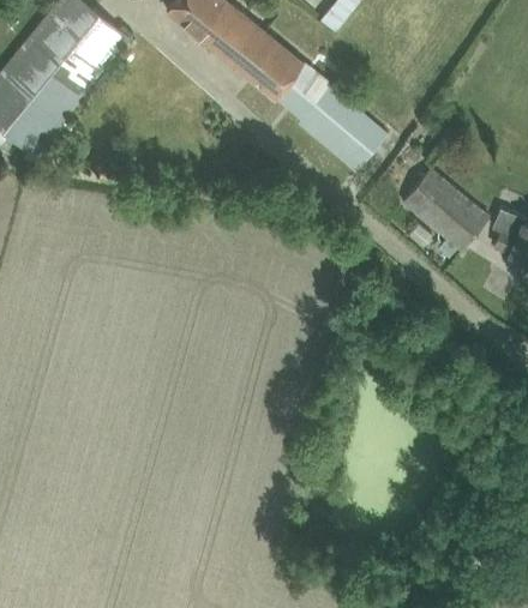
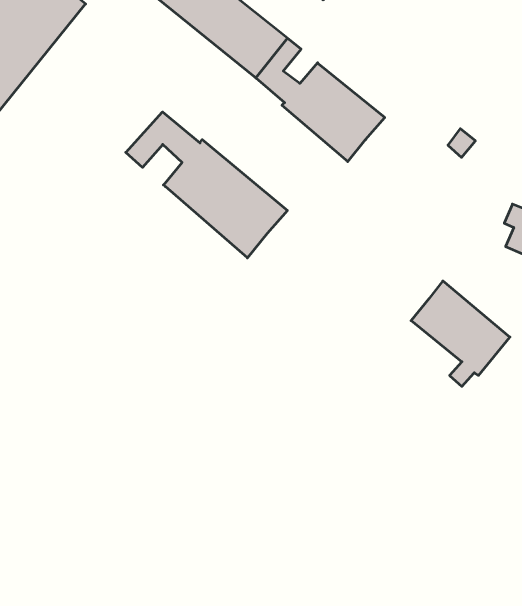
building: none -> [126,112,287,258]
building: [404,167,491,259] -> [411,281,510,386]

